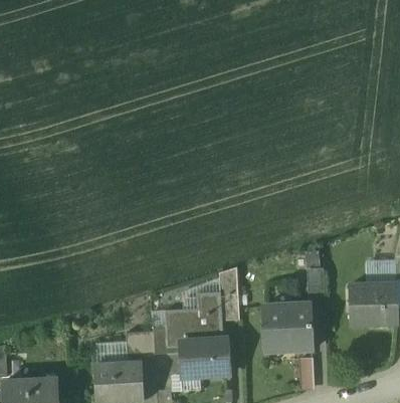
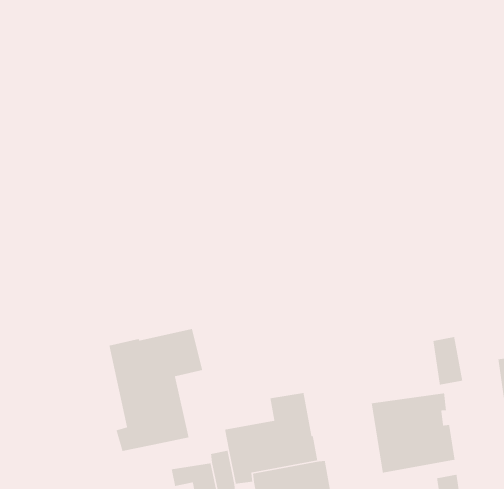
building: none -> [108,328,203,452]
building: [218,267,239,322] -> none

